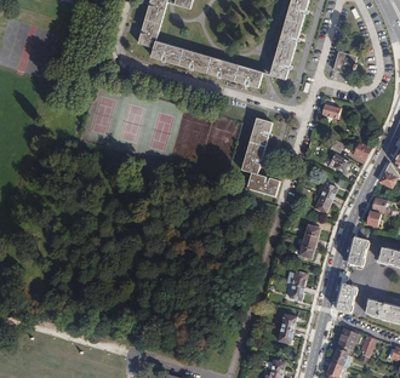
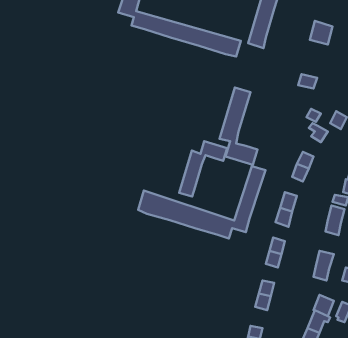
building: none -> [179,141,227,197]
building: none -> [138,166,265,239]

